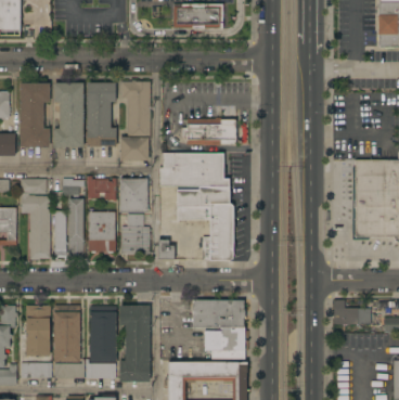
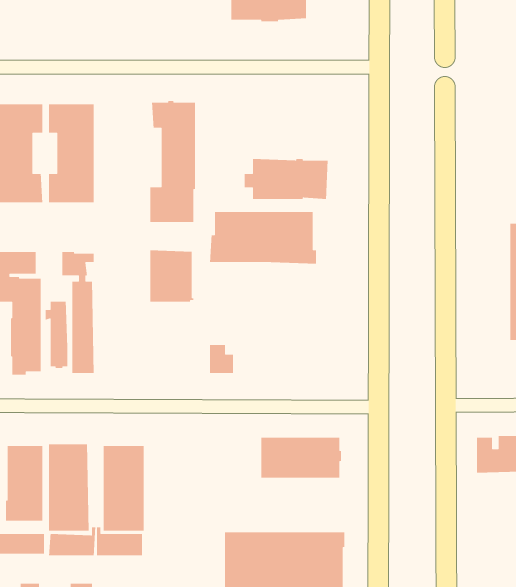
building: [87,82,116,146] -> none
building: [87,176,116,202] -> none
building: [177,186,235,260] -> none
building: [88,209,115,253] -> none
building: [121,215,149,254] -> none
building: [119,306,150,382] -> none
building: [203,327,247,359] -> none

